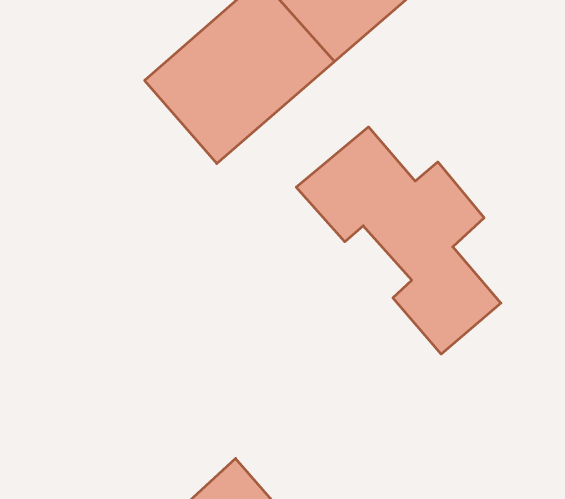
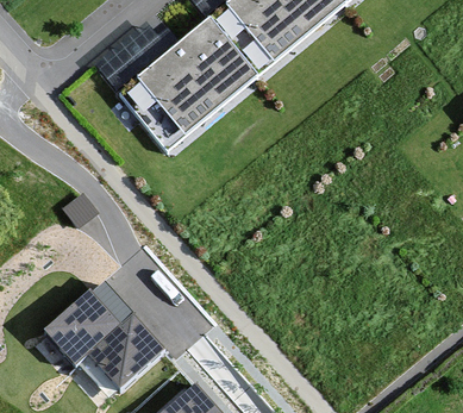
building: [296,127,501,354] -> none
building: none -> [39,288,161,388]

